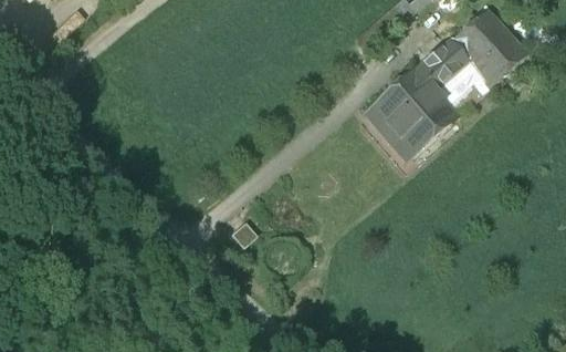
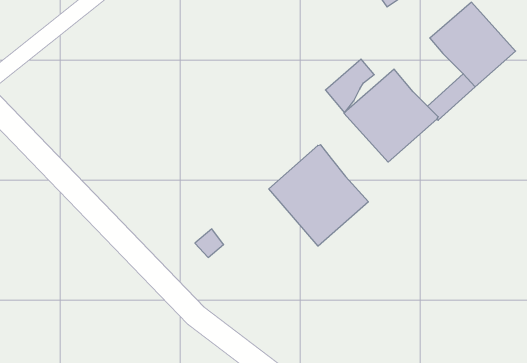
building: [415,41,460,91] -> [325,59,374,113]
building: none -> [269,145,368,246]

